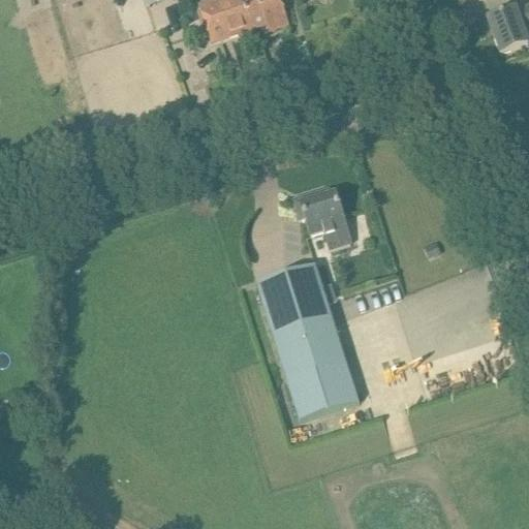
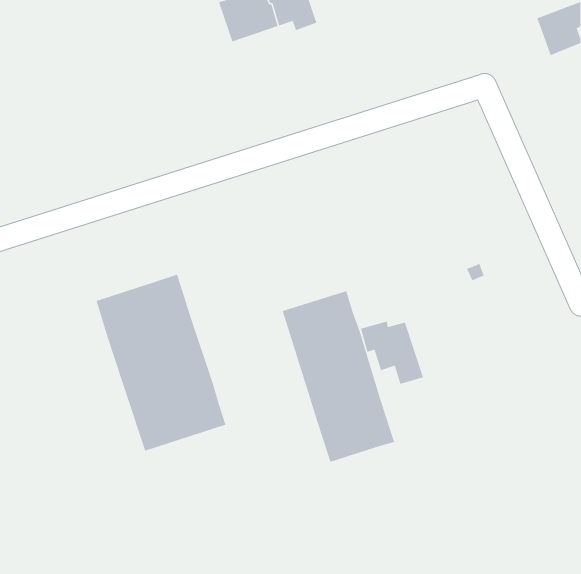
building: [293,189,351,247] -> [360,321,424,384]
building: none -> [96,273,226,452]

